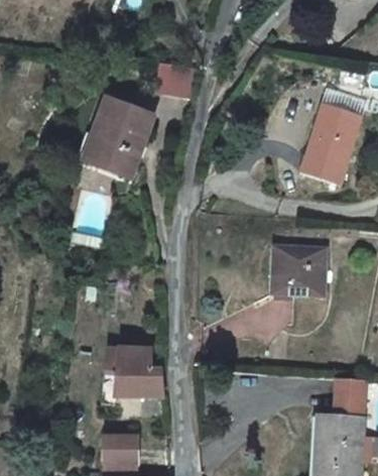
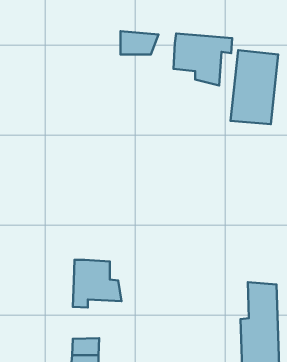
building: none -> [174,34,232,85]
building: [81,99,151,173] -> none
building: [280,248,330,300] -> none

